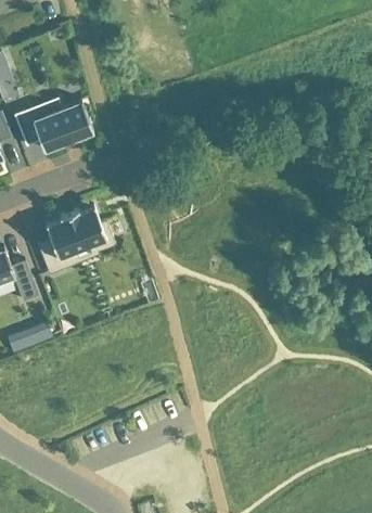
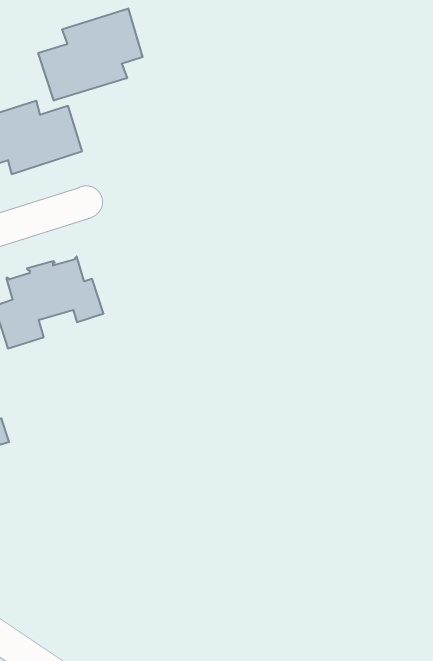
building: none -> [38,8,143,101]

